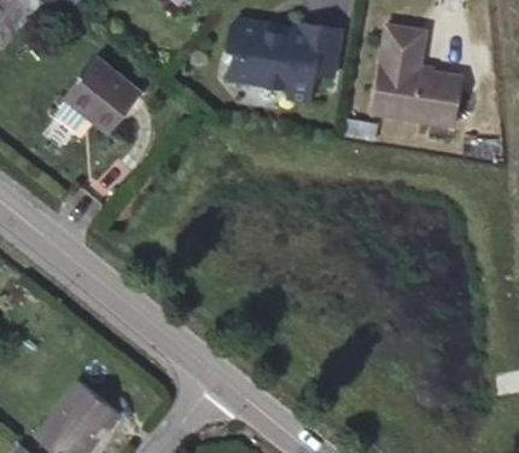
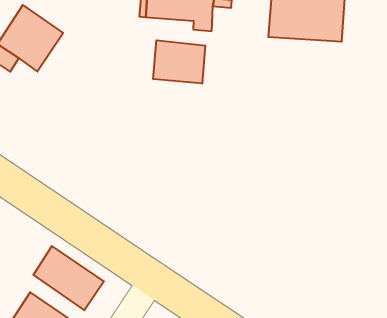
building: none -> [153,40,205,84]
building: none -> [33,246,104,310]

